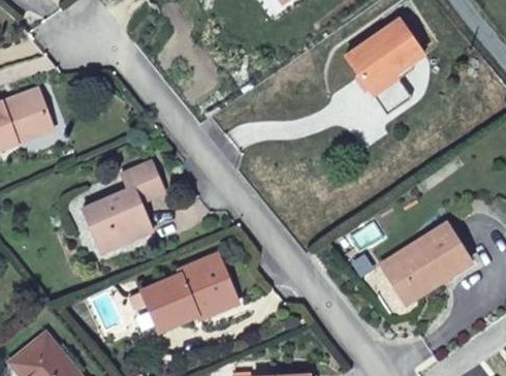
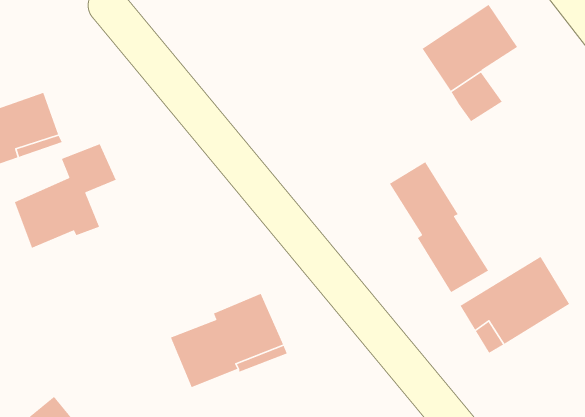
building: none -> [389,161,489,293]
building: [84,161,167,247] -> [14,143,117,249]

